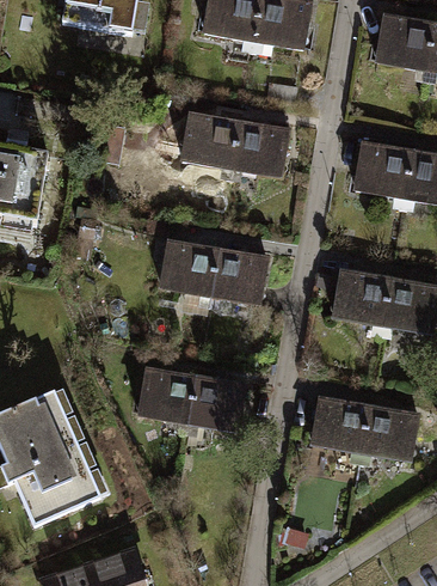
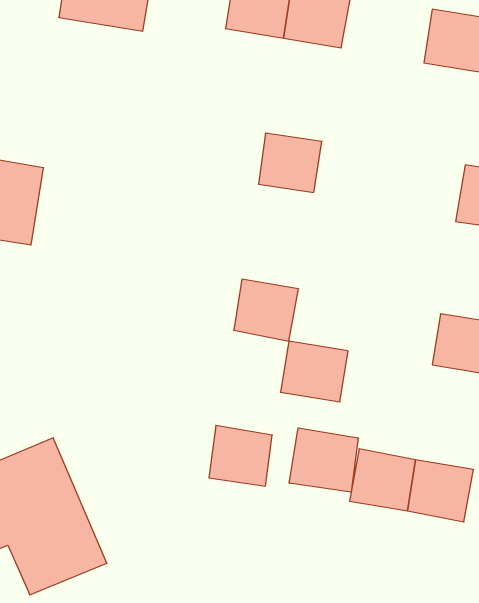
building: [183,114,239,167] -> none
building: [352,142,412,200] -> none
building: [161,242,219,294] -> none
building: [332,271,390,324] -> [281,341,348,402]
building: [140,370,196,422] -> none
building: none -> [289,428,358,492]

